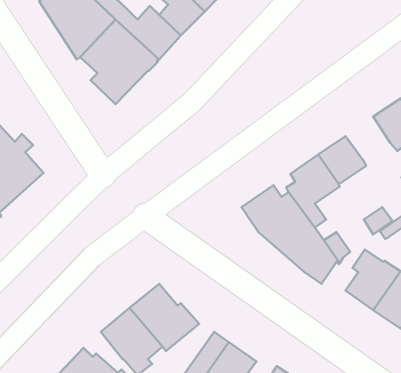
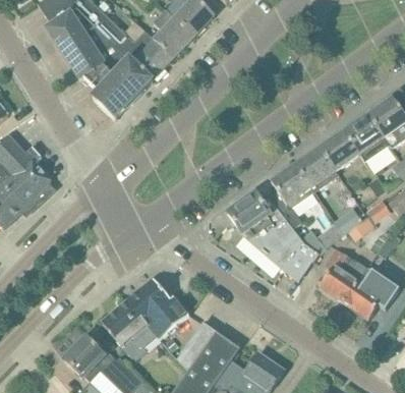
building: none -> [319,130,358,170]

